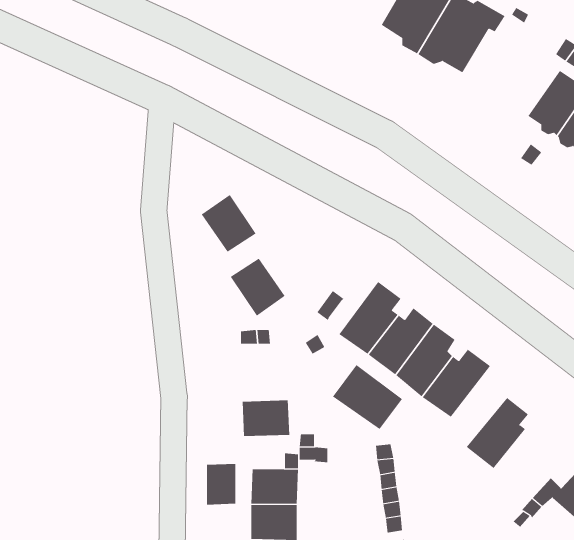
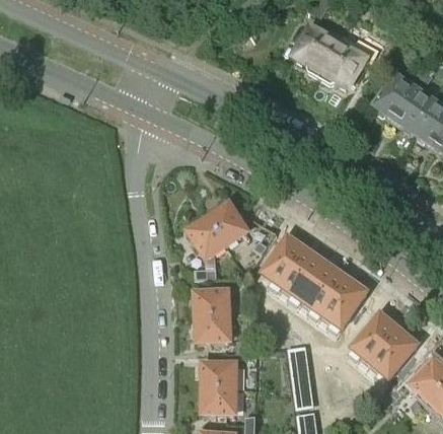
building: none -> [373,73,416,119]
building: [201,194,257,253] -> [208,203,246,243]
building: none -> [195,290,228,316]
building: [332,364,403,430] -> none
building: none -> [370,332,417,378]
building: [207,463,236,505] -> none

